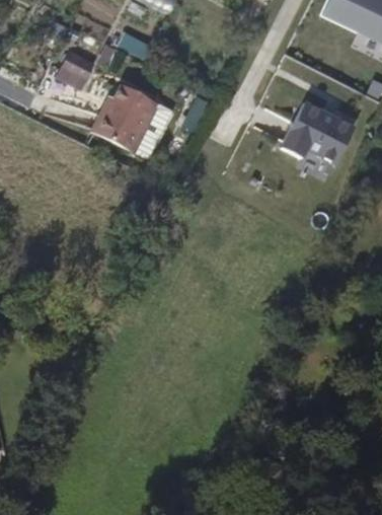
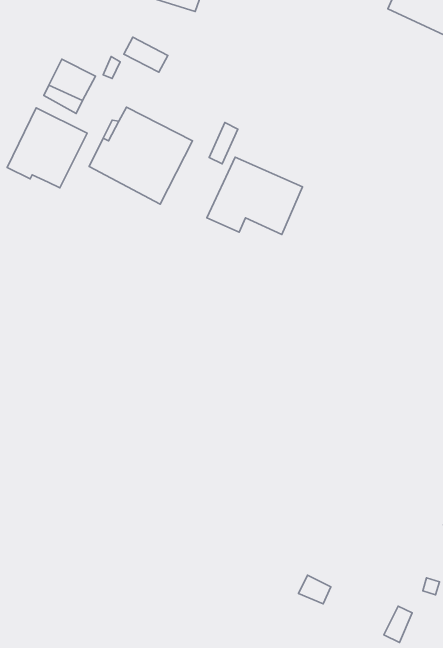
building: none -> [7,108,87,188]
building: [282,98,357,159] -> [207,157,302,235]

